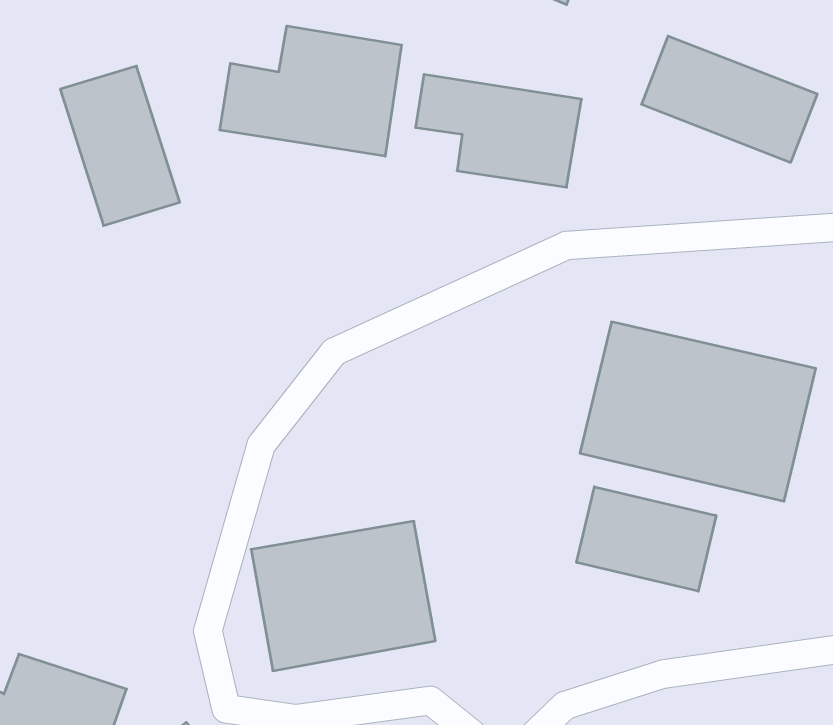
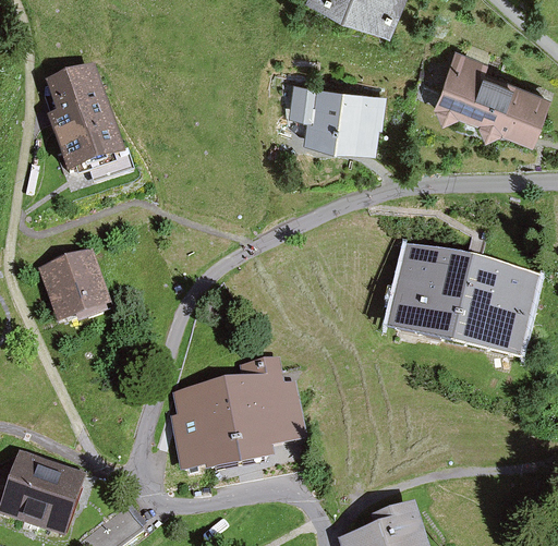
building: [220,26,402,156] -> none
building: none -> [39,253,113,328]
building: [577,487,716,591] -> none

